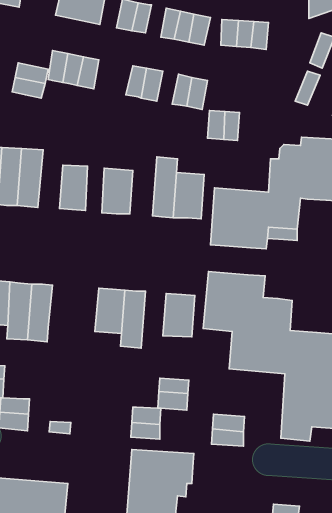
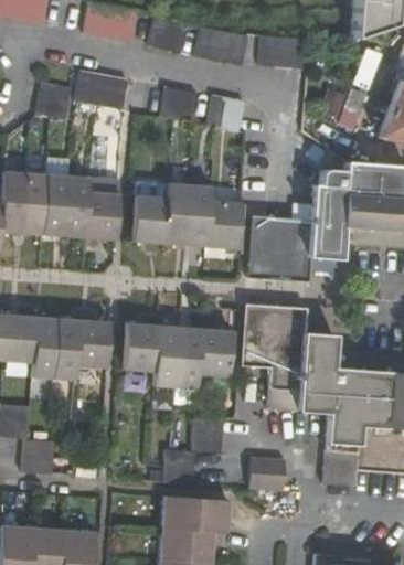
building: none -> [64,174,92,237]
building: none -> [162,181,191,245]
building: none -> [75,319,110,367]
building: none -> [174,326,201,387]

